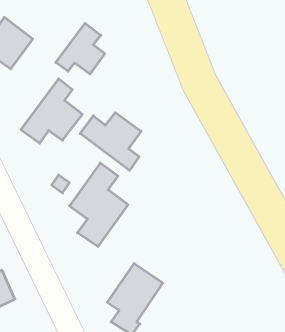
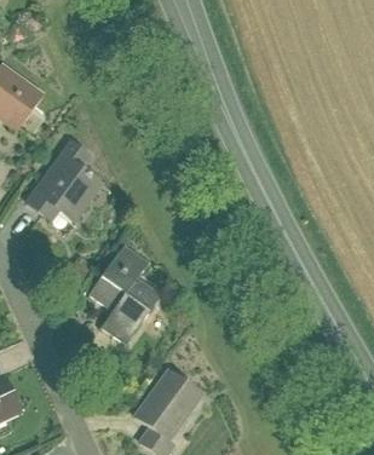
building: [56,23,105,74] -> none
building: [80,113,141,170] -> none

